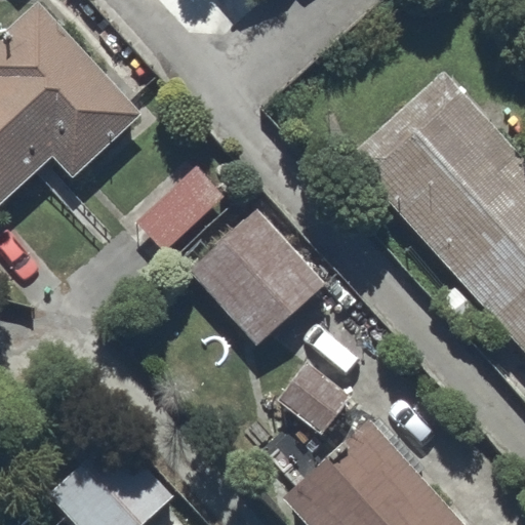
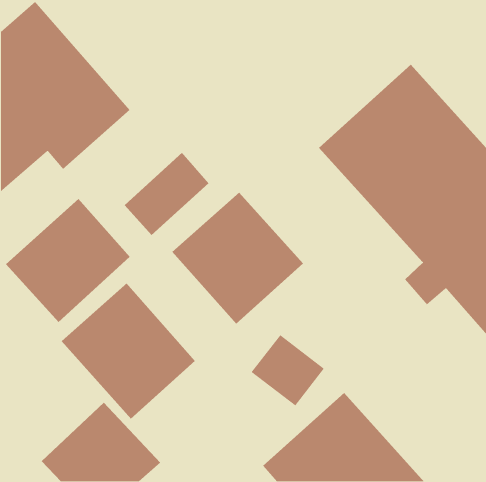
building: none -> [5,198,131,323]
building: none -> [61,283,196,420]

